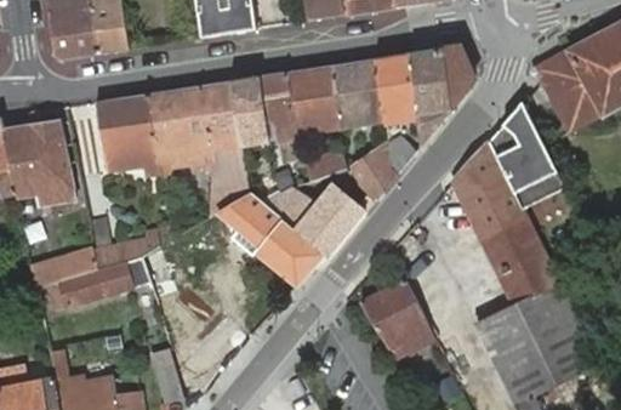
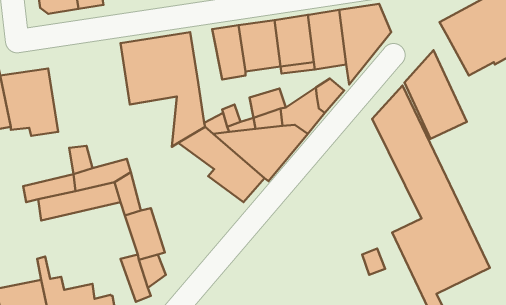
building: [233,75,272,139] -> none
building: [96,91,160,173] -> none
building: [361,279,435,358] -> none

